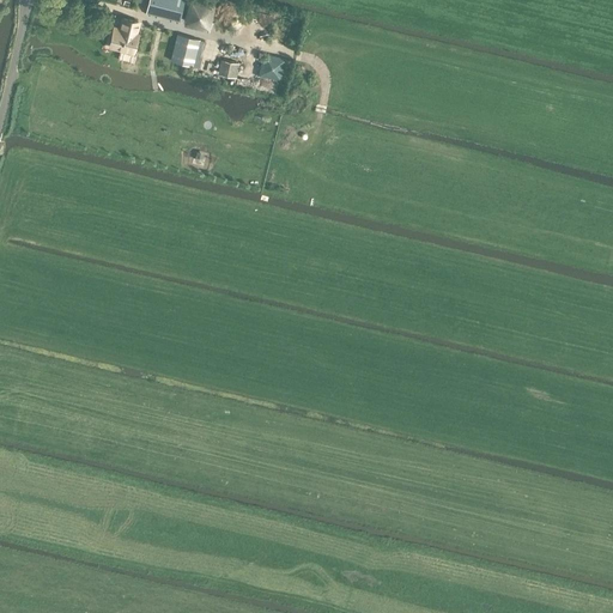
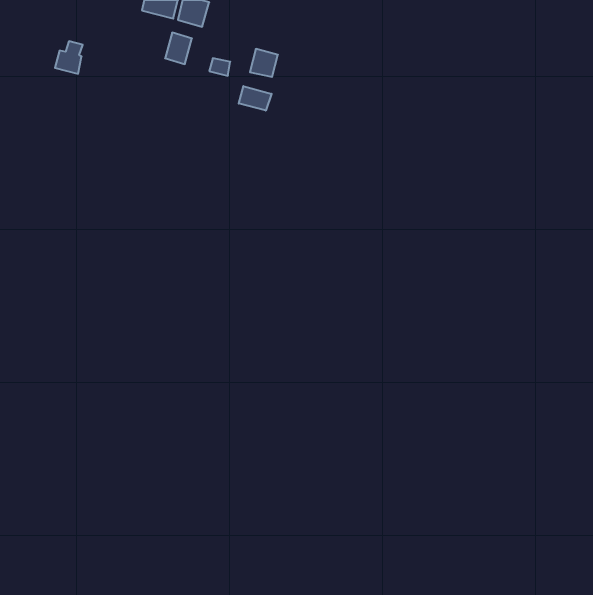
building: [109,18,138,51] -> [55,41,83,74]
building: none -> [239,86,272,111]

